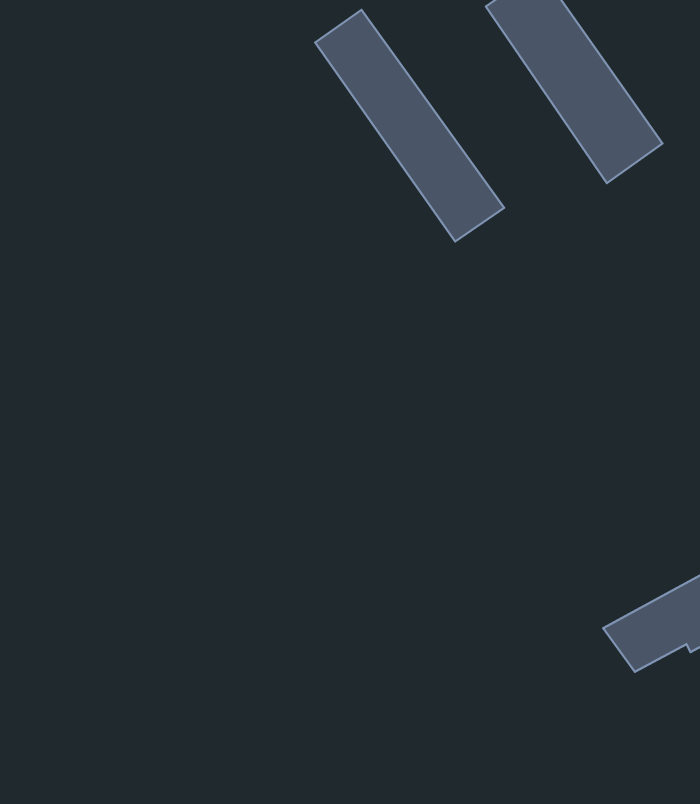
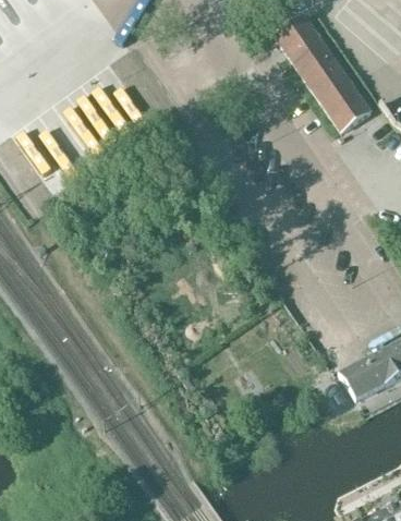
building: [315,10,504,242] -> none

